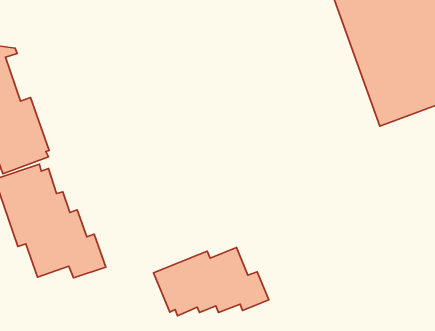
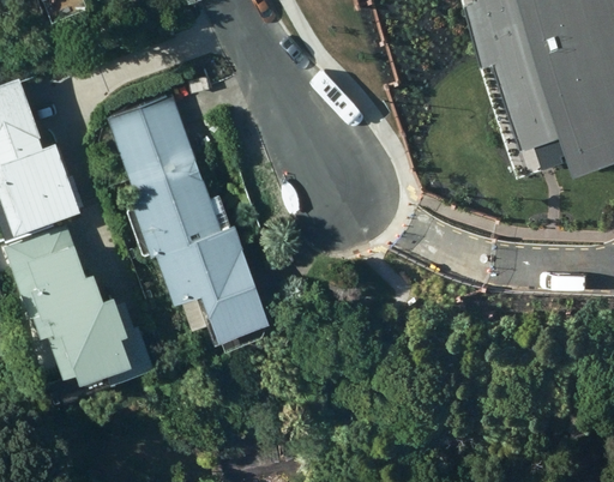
building: none -> [104,95,272,341]
building: [154,248,269,316] -> none

